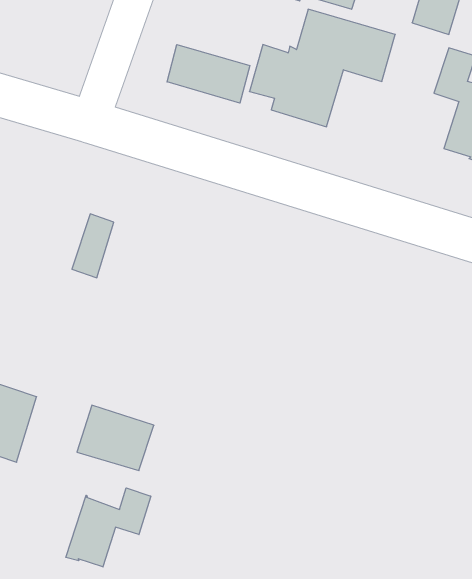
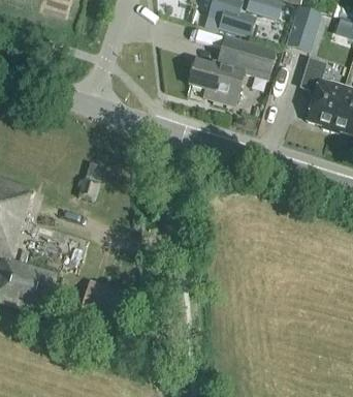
building: [167,45,250,103] -> none
building: [66,488,151,567] -> none

